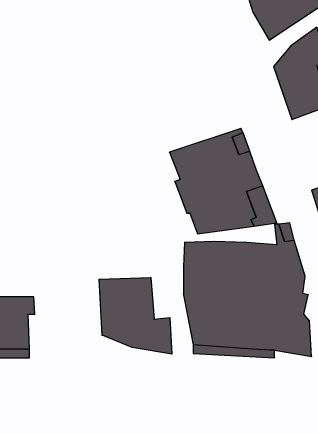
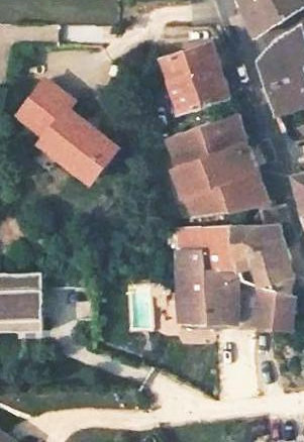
building: none -> [164,44,230,111]
building: none -> [14,80,113,180]
building: [99,277,172,354] -> none

